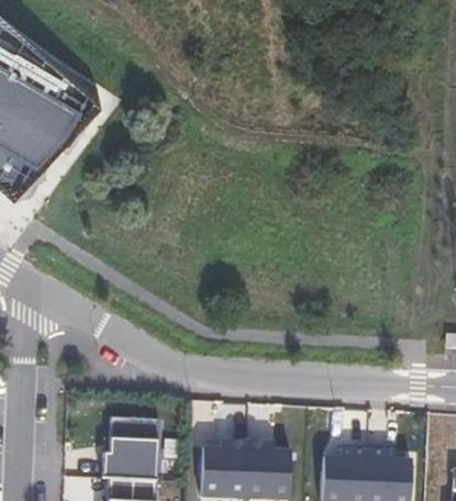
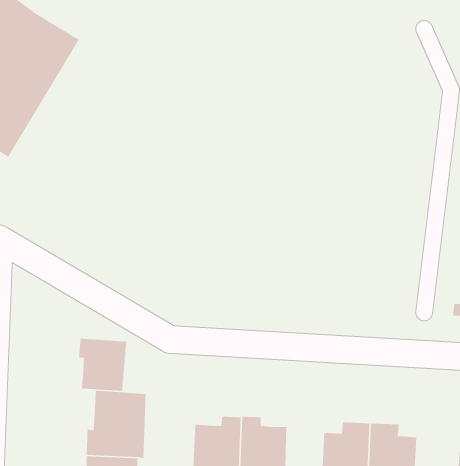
building: none -> [78,338,127,391]

